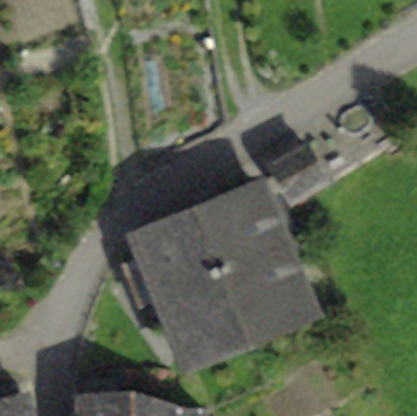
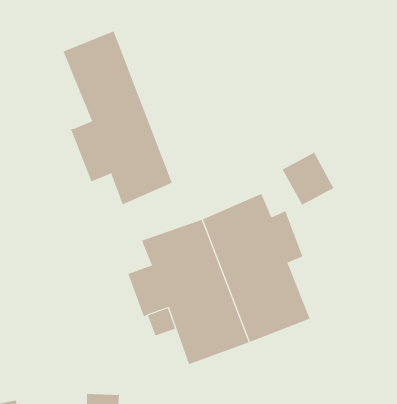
building: none -> [63,31,173,205]

